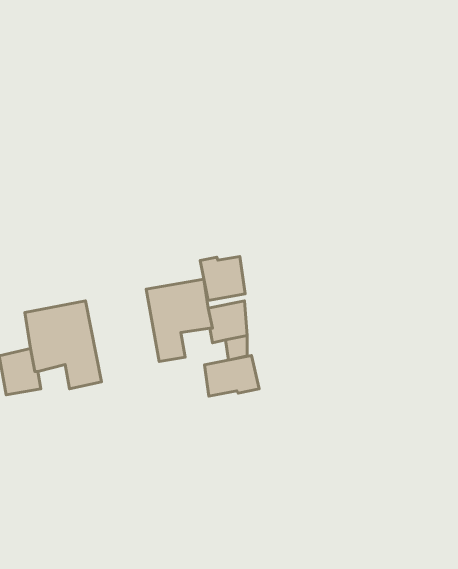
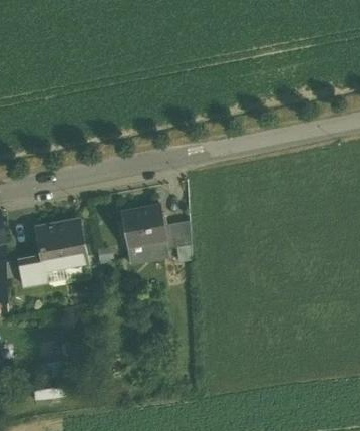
building: [200,256,245,301] -> none
building: [204,355,259,396] -> none

